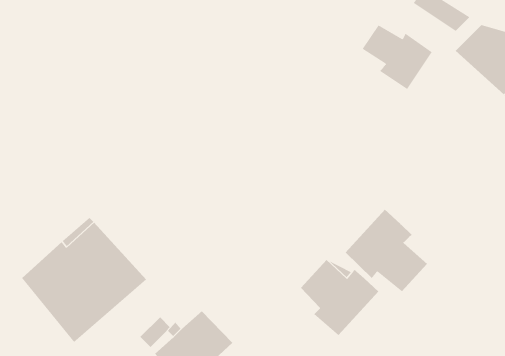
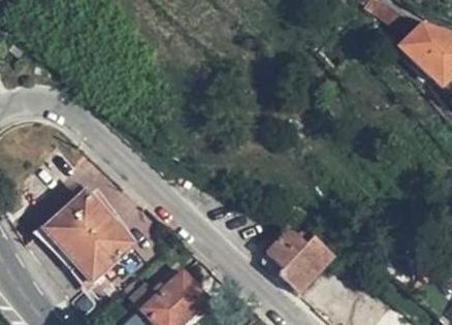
building: [362,24,433,90] -> none
building: [345,209,428,292] -> none

